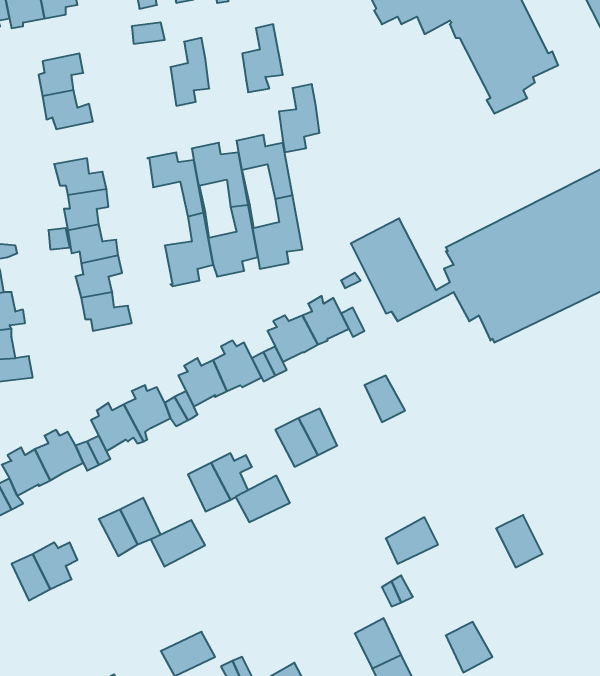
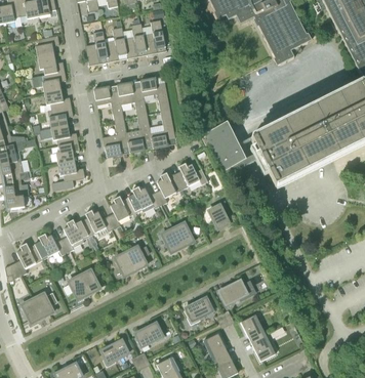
building: none -> [85,31,108,67]
building: [279,84,320,152] -> [124,24,146,59]
building: none -> [32,71,67,93]
building: [236,476,290,522] -> [185,297,213,322]
building: [496,515,543,567] -> [241,314,266,342]
building: [151,520,205,567] -> [134,323,163,347]

